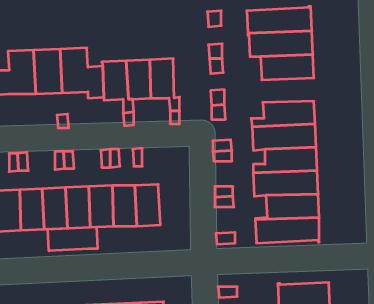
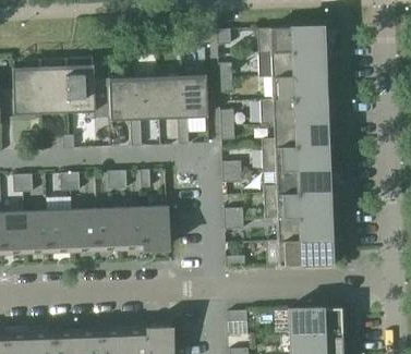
building: none -> [182,76,208,118]
building: none -> [262,97,326,123]
building: [48,227,97,251] -> none

